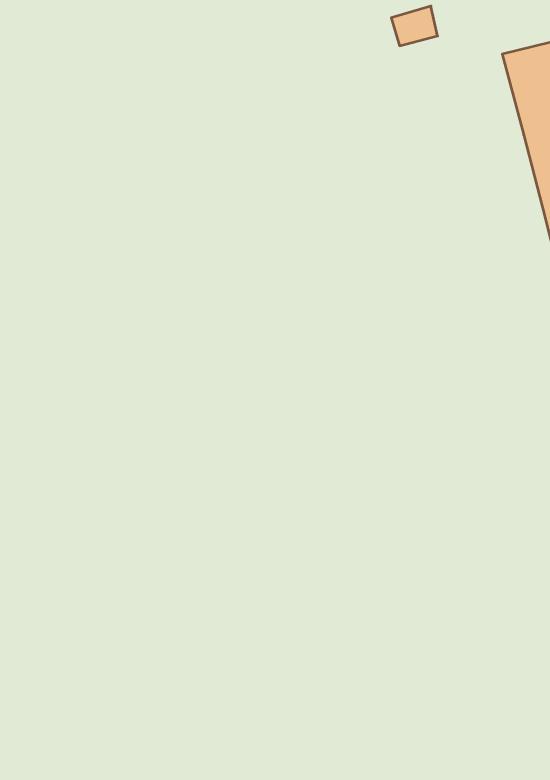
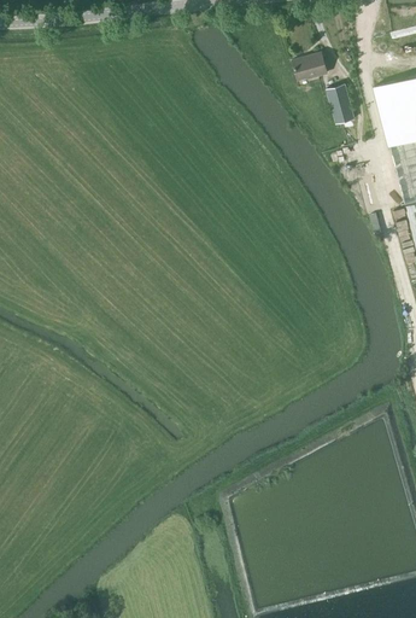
building: none -> [326,83,353,123]

